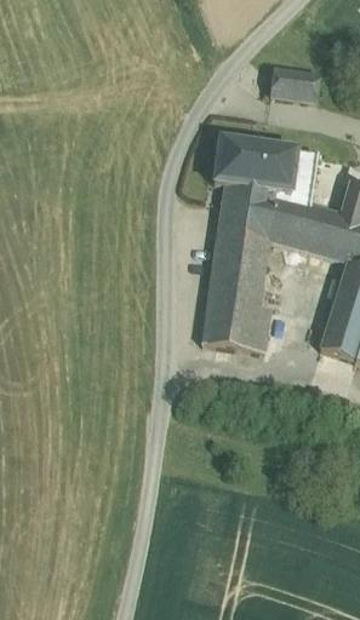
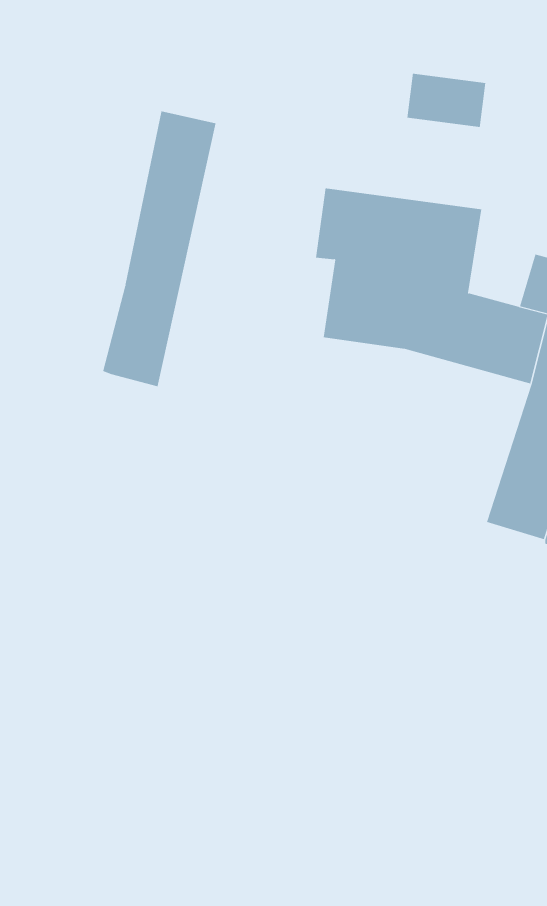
building: none -> [102,111,216,387]
building: [202,231,272,351] -> none

